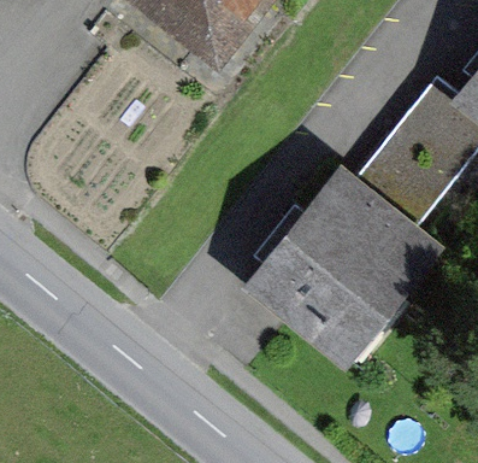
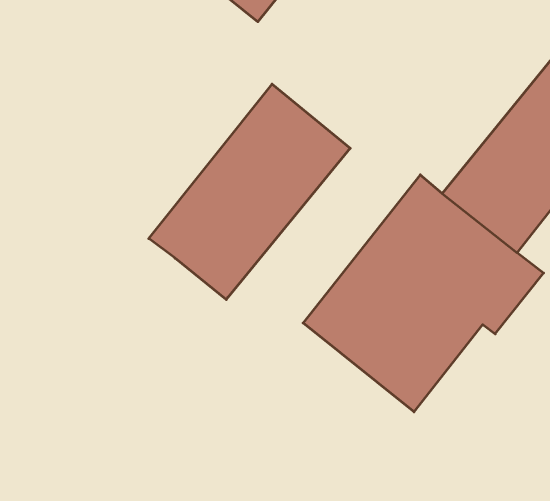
building: none -> [149,84,350,300]

